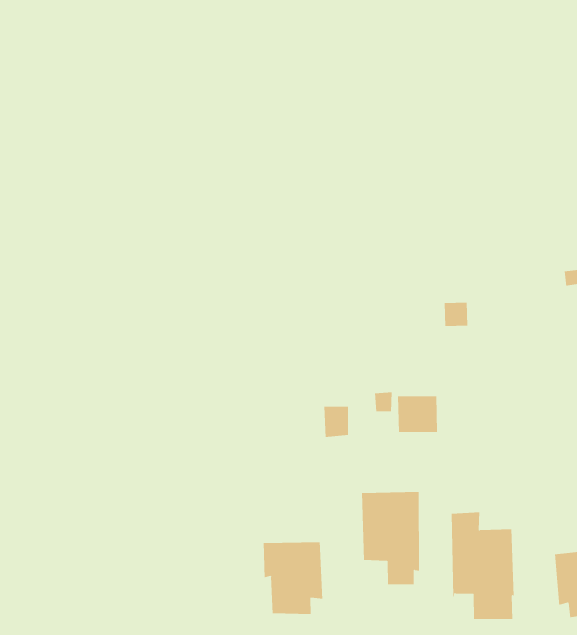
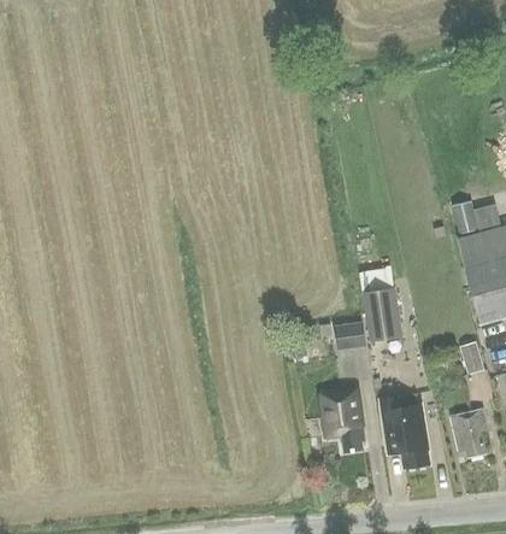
building: none -> [364,289,402,341]
building: [263,541,323,615] -> none

